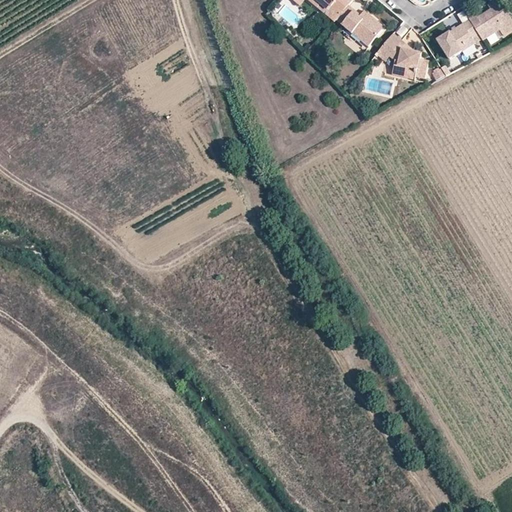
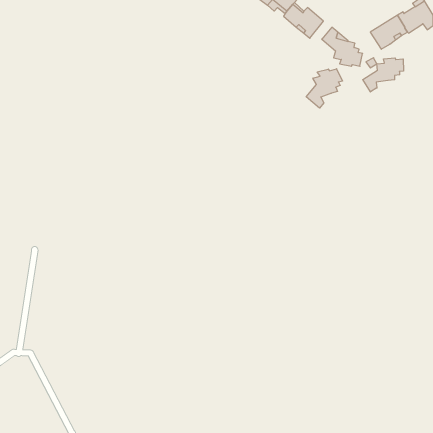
building: none -> [363,58,403,92]
building: none -> [306,69,342,108]

